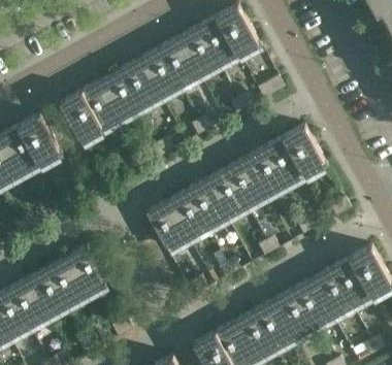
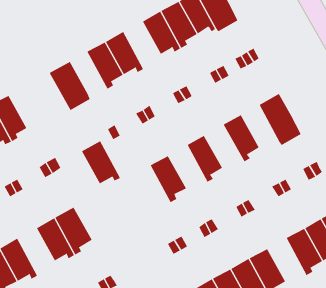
building: [138,51,177,101] -> none
building: [81,82,121,128] -> none
building: [17,117,61,169] -> none
building: [263,139,303,185] -> none
building: [224,160,266,206] -> none
building: [186,181,227,228] -> none
building: [145,203,188,250] -> [81,140,121,184]
building: [26,270,65,321] -> none
building: [291,280,332,327] -> none

